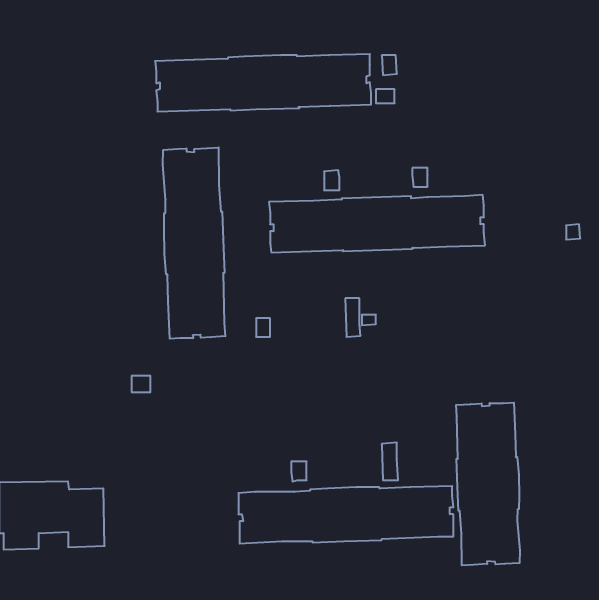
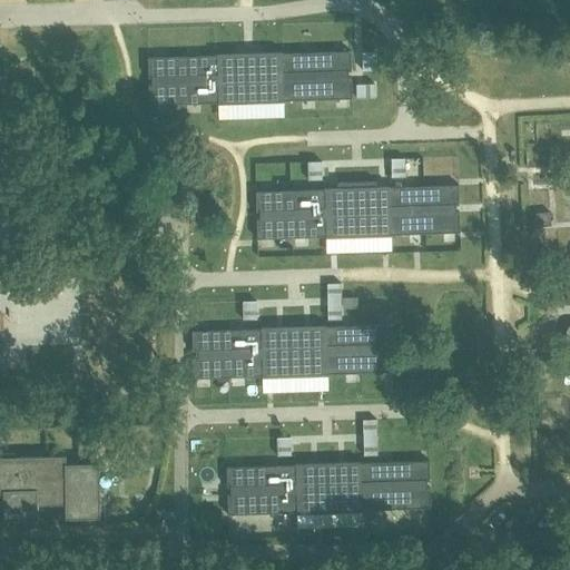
building: [163,147,225,339] -> none
building: none -> [191,325,396,379]
building: [456,403,520,565] -> none

